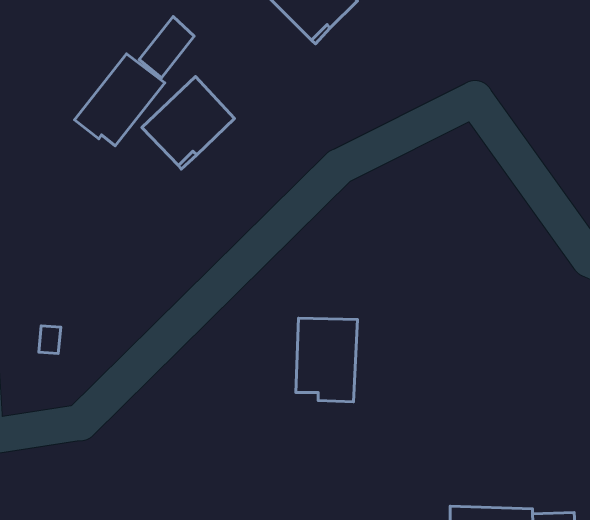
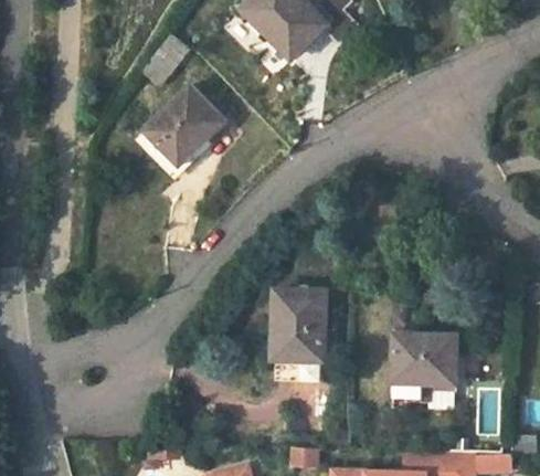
building: [74,54,165,146] -> none
building: none -> [392,334,457,406]

